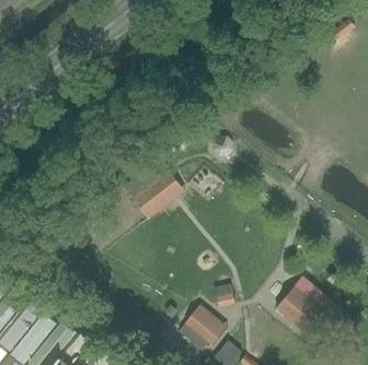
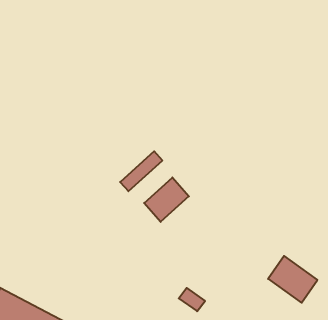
building: none -> [144,177,189,222]

